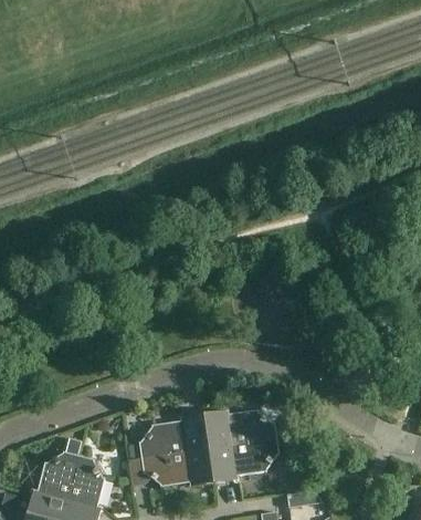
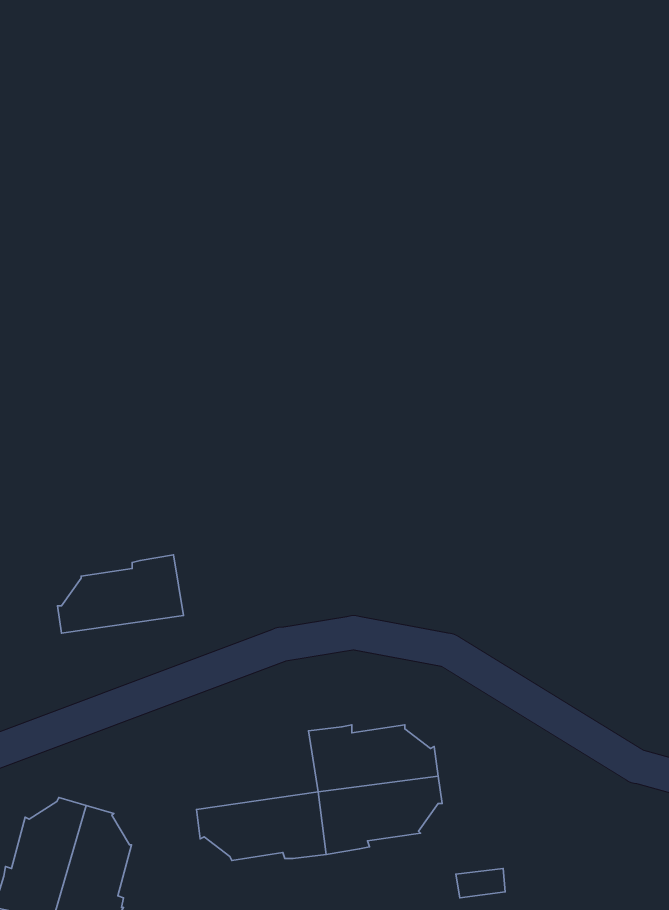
building: [138,414,209,458] -> [58,555,183,633]

